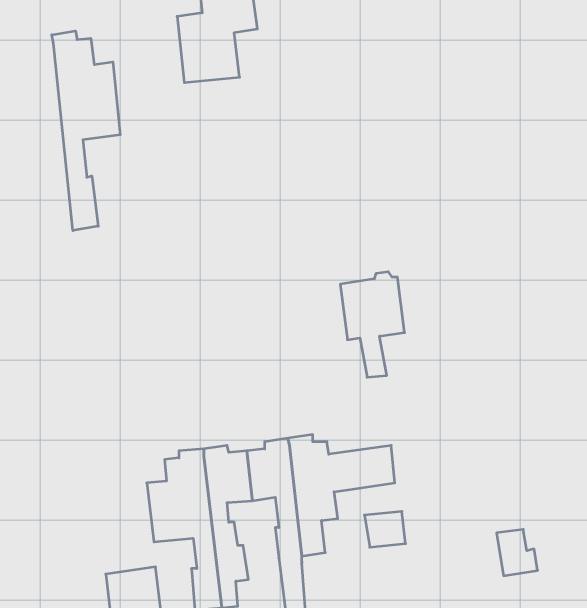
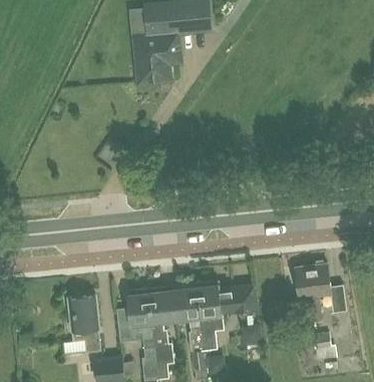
building: [52,31,120,231] -> none
building: [340,272,405,377] -> [296,261,332,320]
building: none -> [68,296,101,352]

